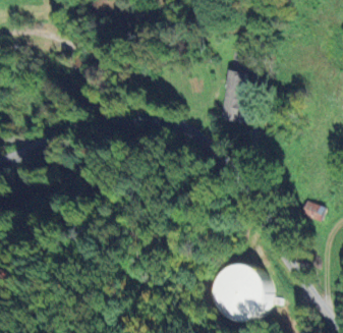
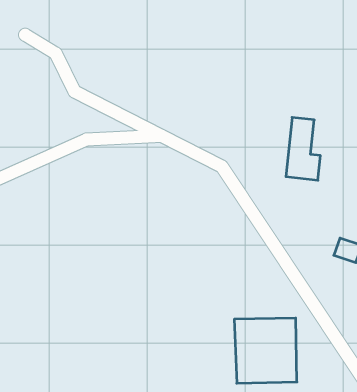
building: [223,71,251,123] -> [286,117,320,180]

